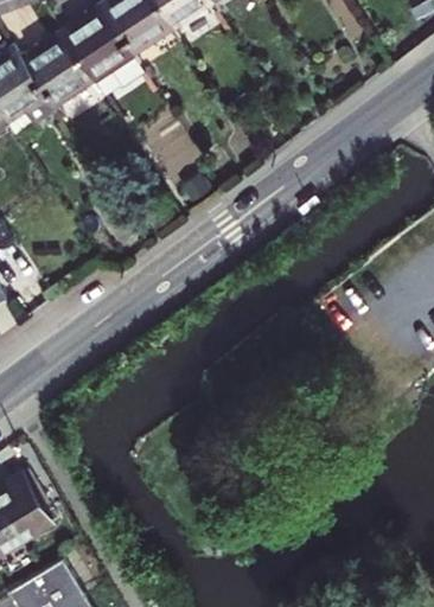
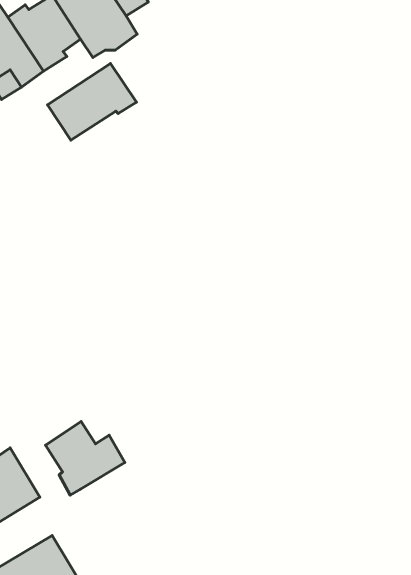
building: none -> [48,64,136,140]
building: none -> [46,421,125,495]

